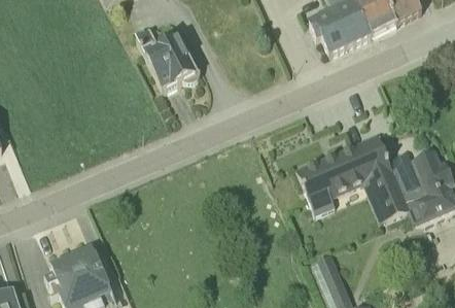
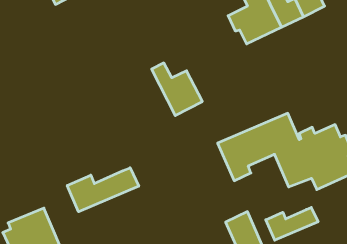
building: [136,27,196,89] -> [152,63,202,116]
building: none -> [67,168,139,212]
building: none -> [266,207,318,240]

